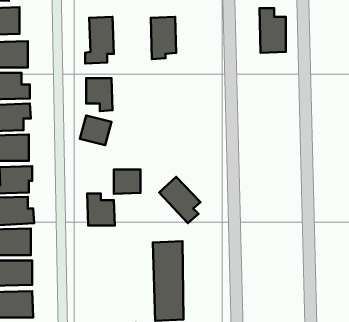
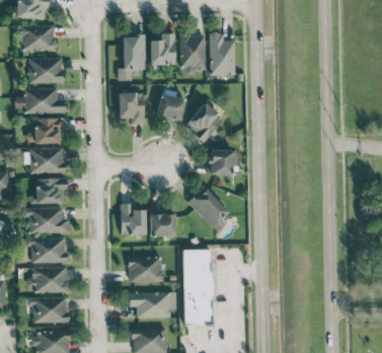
building: [259,8,286,53] -> [210,32,235,75]
building: none -> [151,33,176,65]
building: none -> [186,102,224,141]
building: [80,115,112,145] -> [156,93,186,122]
building: none -> [209,150,240,175]
building: [114,169,140,194] -> [151,214,176,237]
building: none -> [129,256,163,282]
building: none -> [130,292,177,317]

